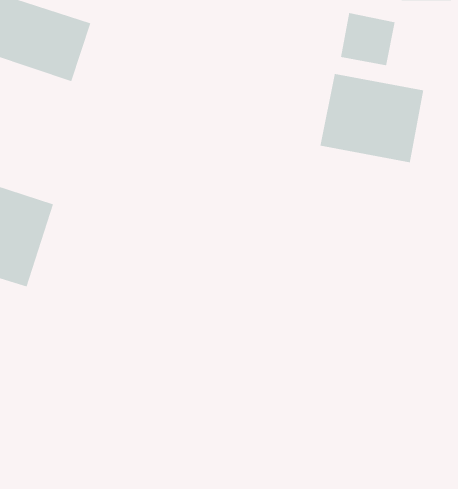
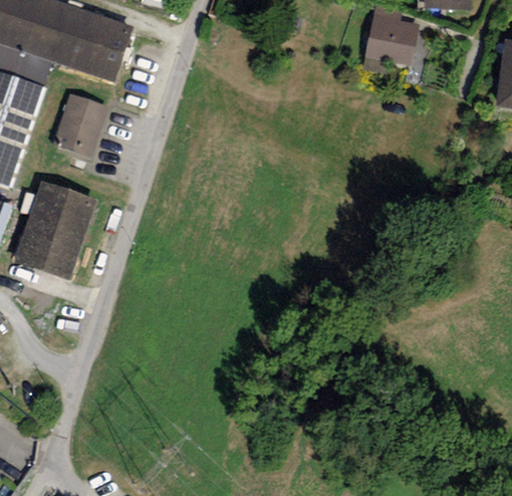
building: [320,73,424,163] -> none
building: none -> [52,91,106,153]

